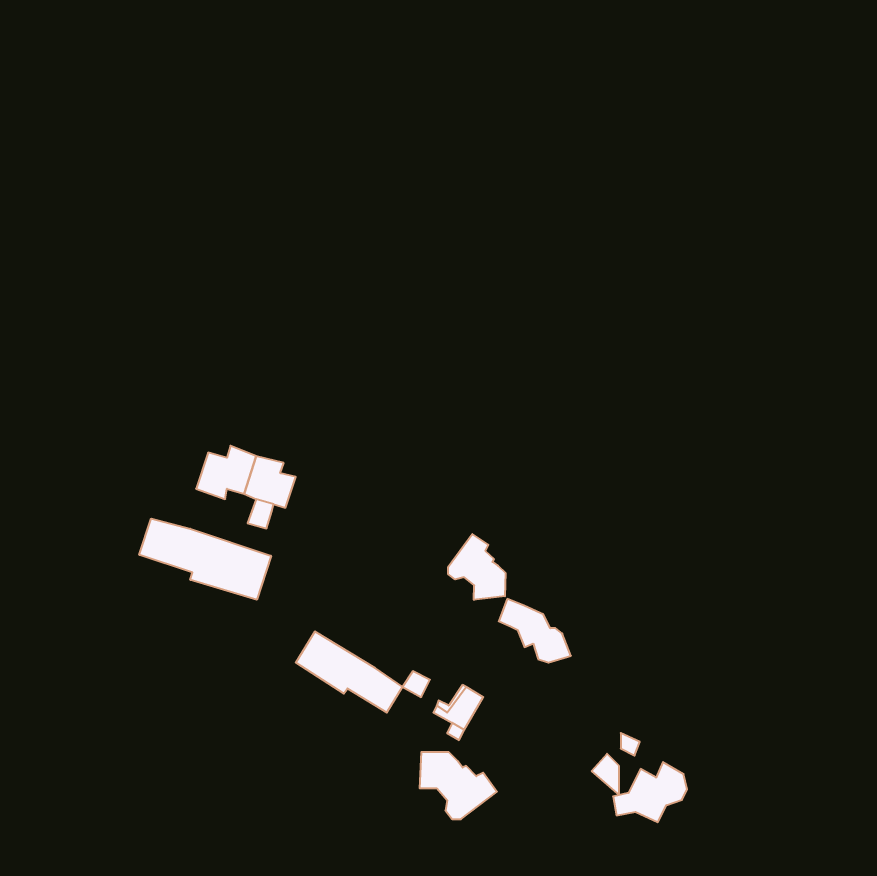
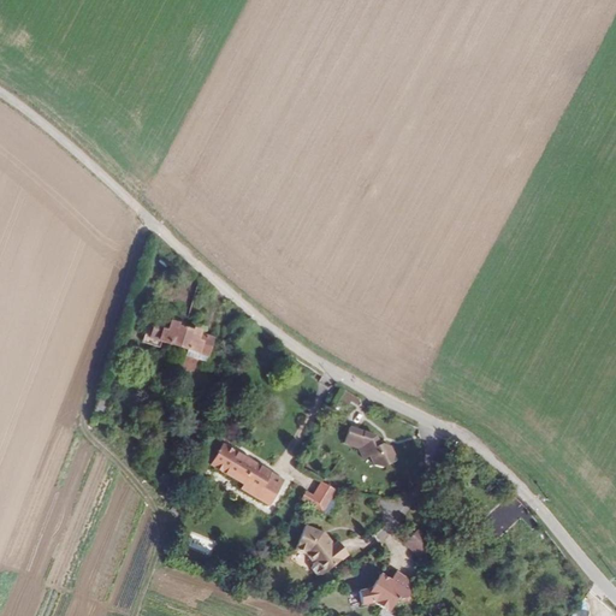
building: [139,519,271,600] -> none
building: [448,534,505,600] -> none
building: [613,762,687,822] -> [366,565,417,608]

